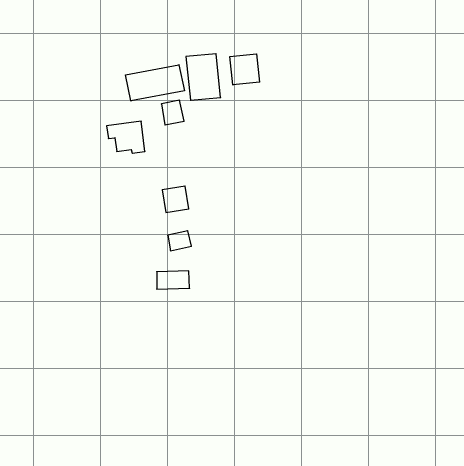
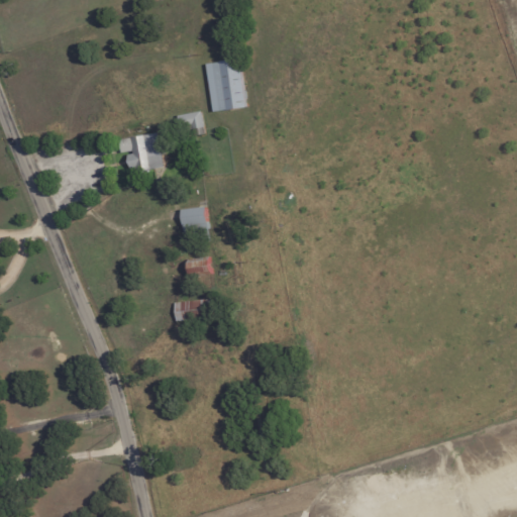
building: [230,54,260,85] -> none
building: [126,65,184,101] -> none

